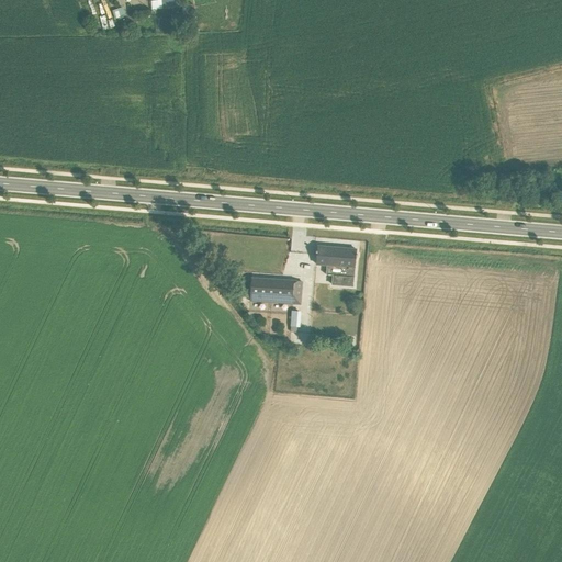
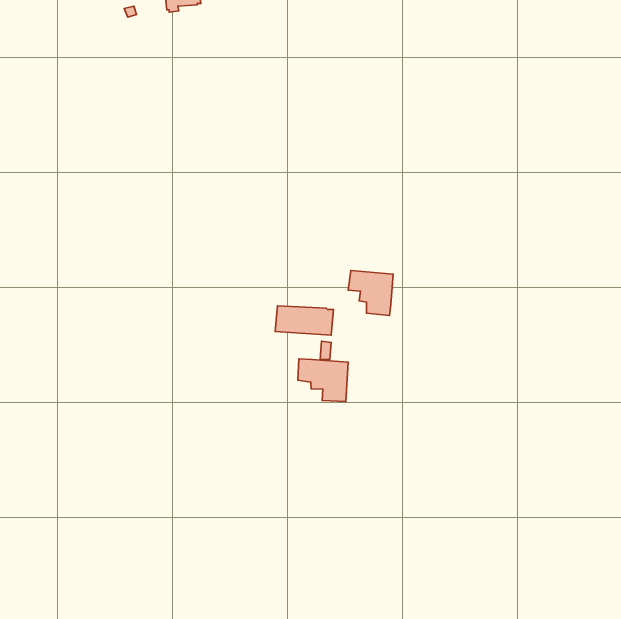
building: none -> [298,359,348,401]

